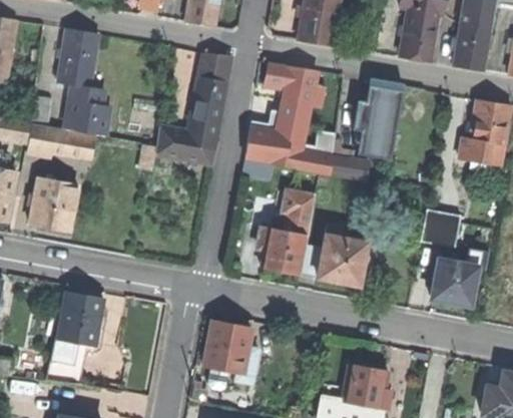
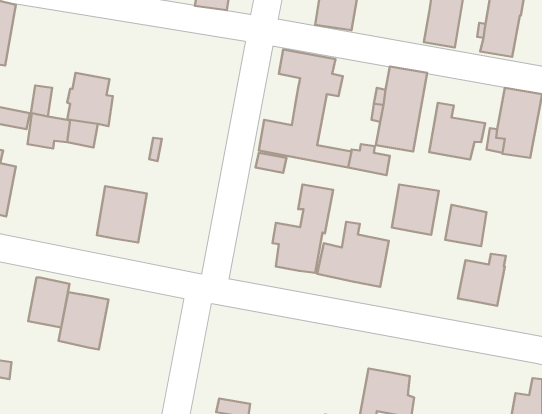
building: [56,27,98,87] -> none
building: [154,53,230,163] -> none
building: none -> [429,103,485,159]
building: [29,177,76,231] -> [97,186,147,243]
building: none -> [392,185,439,235]
building: [203,321,258,383] -> none
building: [45,337,84,384] -> [28,278,70,328]

